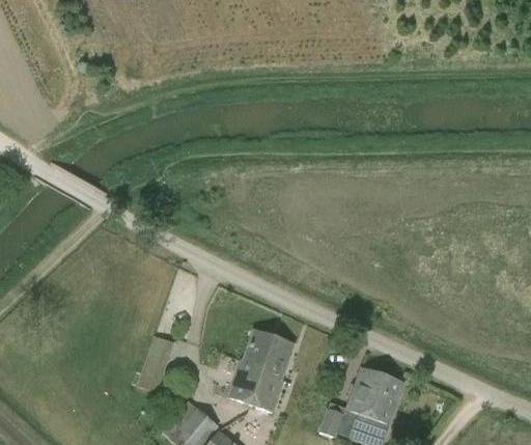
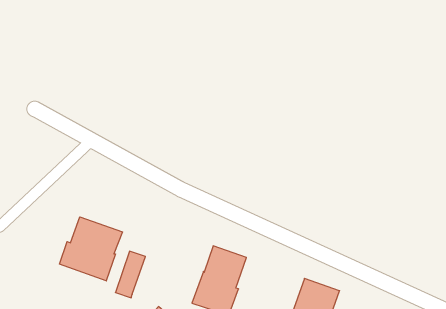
building: none -> [60,217,122,281]

